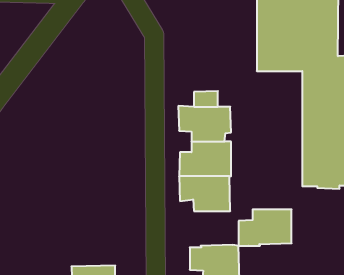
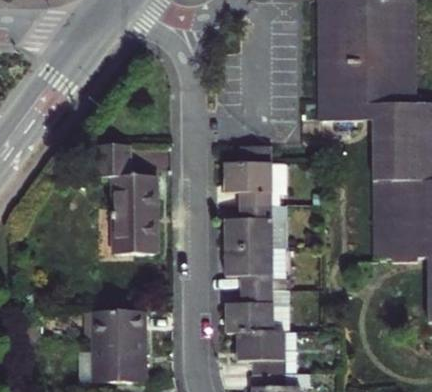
building: none -> [99,141,159,250]
building: [239,209,292,246] -> [225,290,289,334]
building: none -> [93,311,147,357]

